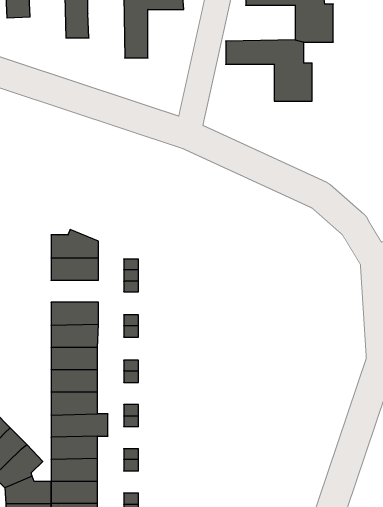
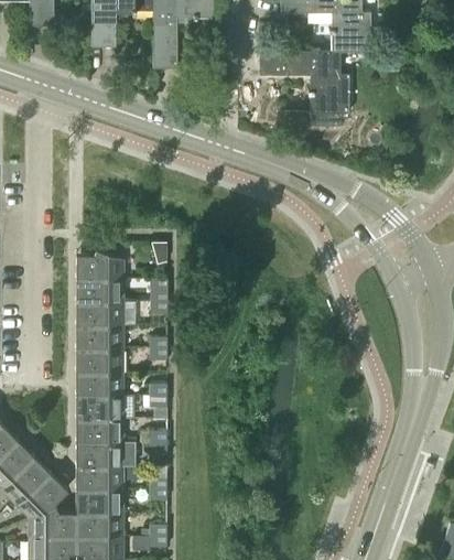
building: none -> [76,300,126,323]

